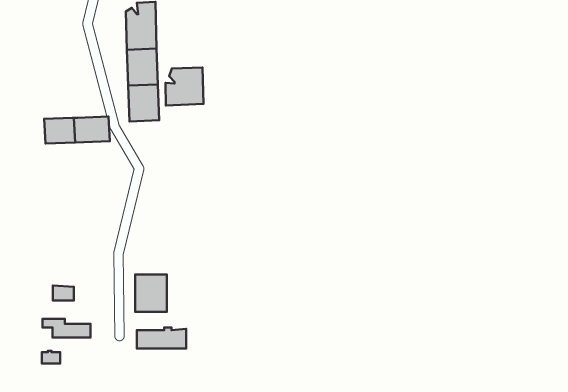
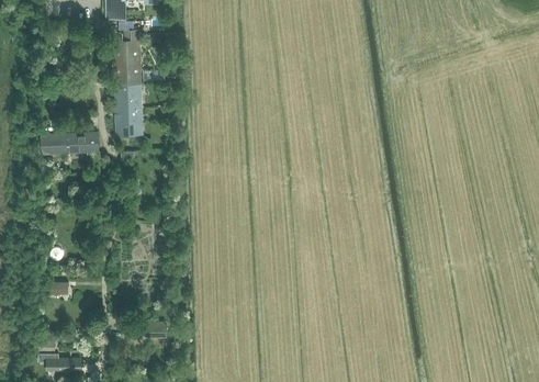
building: [166,67,203,105] -> none
building: [135,275,167,312] -> none
building: [42,319,91,337] -> [38,353,81,370]

